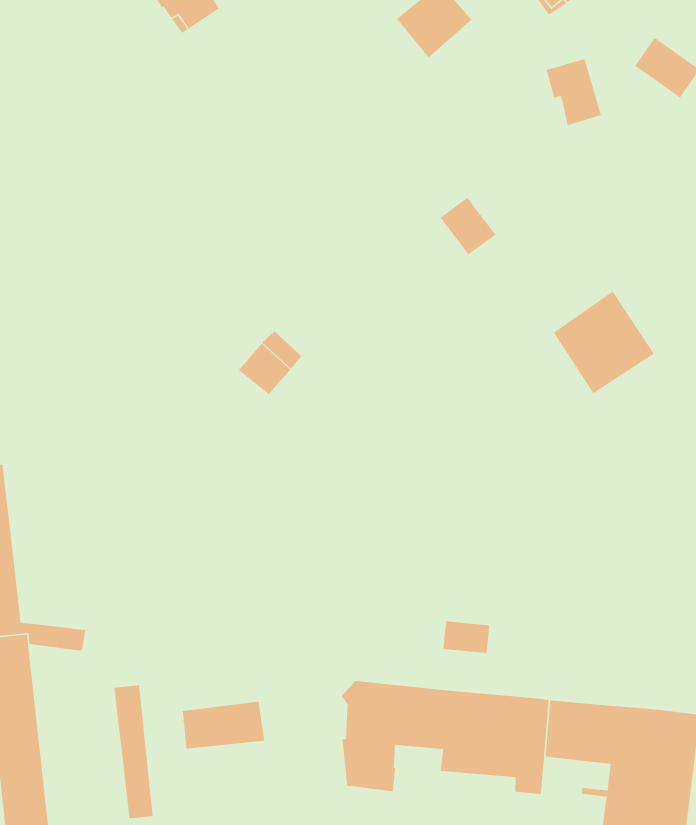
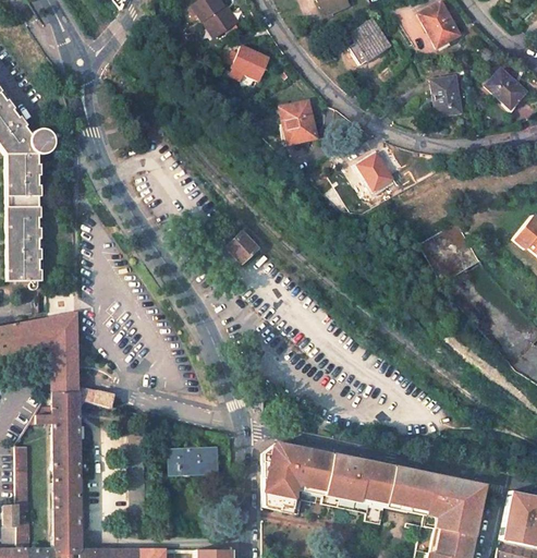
building: none -> [229,48,267,82]
building: none -> [280,101,316,144]
building: [442,621,490,654] -> none

